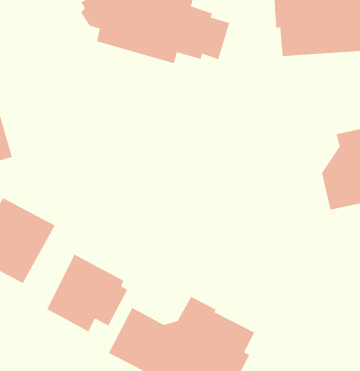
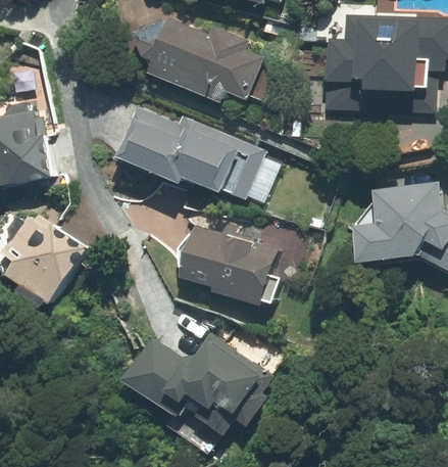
building: none -> [114,105,282,202]
building: none -> [177,224,278,306]
building: [46,254,128,332] -> none

